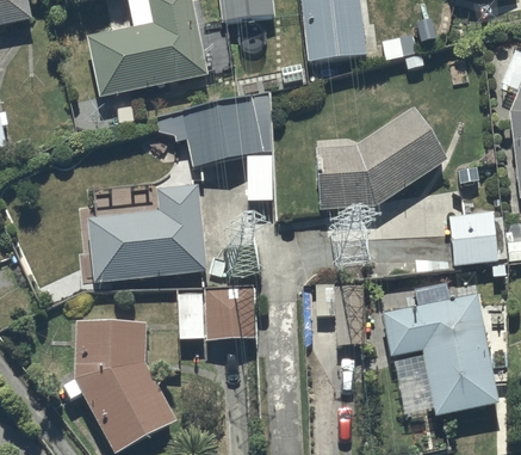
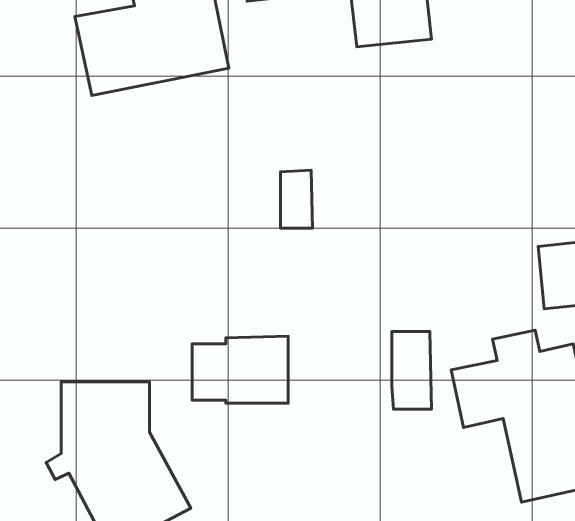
building: [156,92,273,166] -> none
building: [316,106,447,208] -> none
building: [87,182,209,282] -> none

